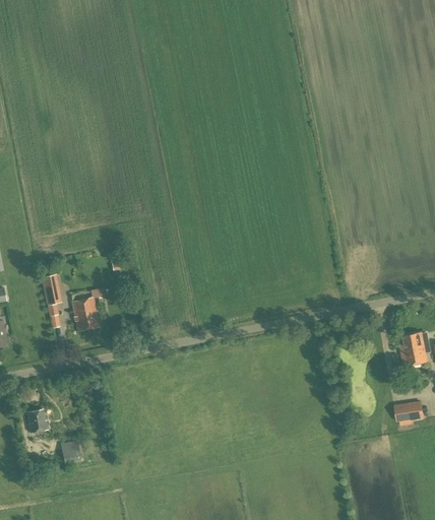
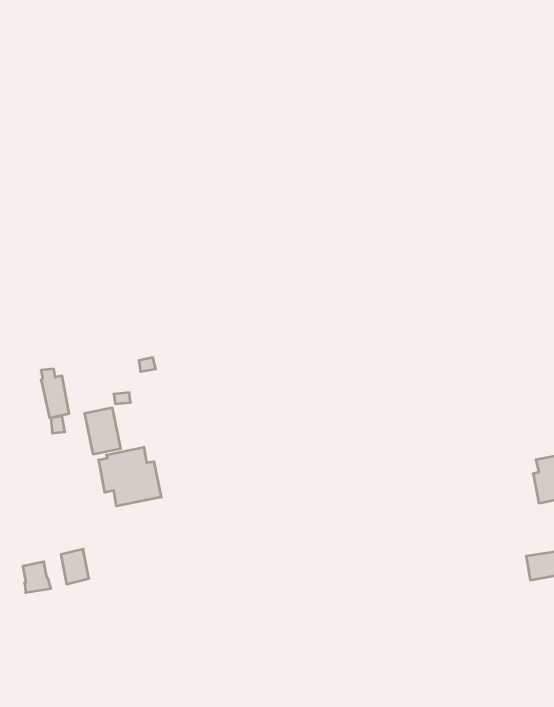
building: none -> [99,447,161,506]
building: [61,440,81,465] -> [61,549,89,584]

